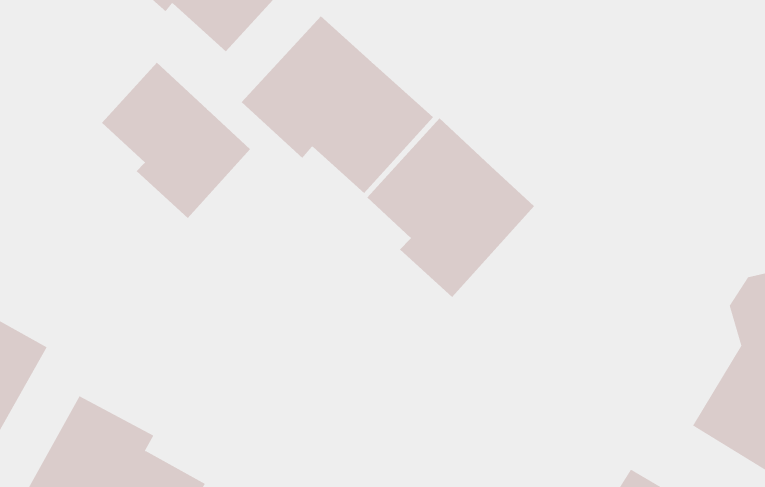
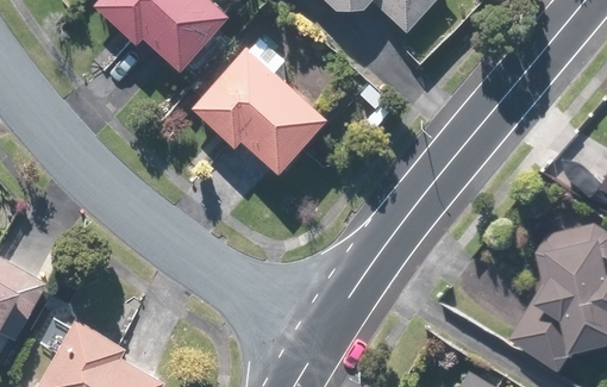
building: [101,62,251,219] -> none
building: [366,117,535,298] -> none

